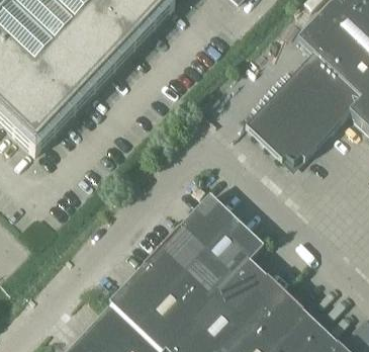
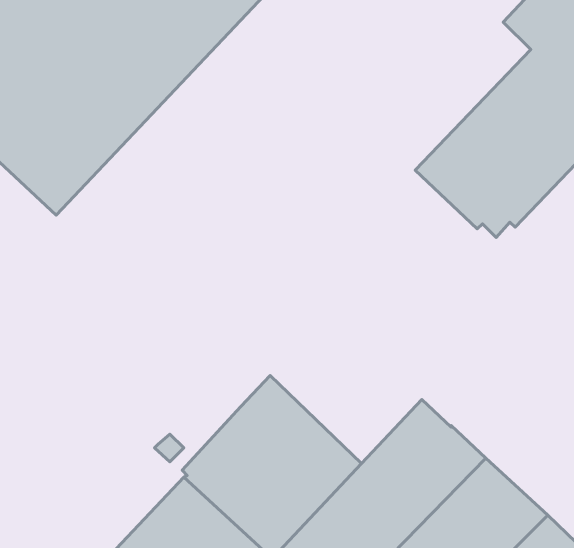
building: [161,194,264,297] -> none

